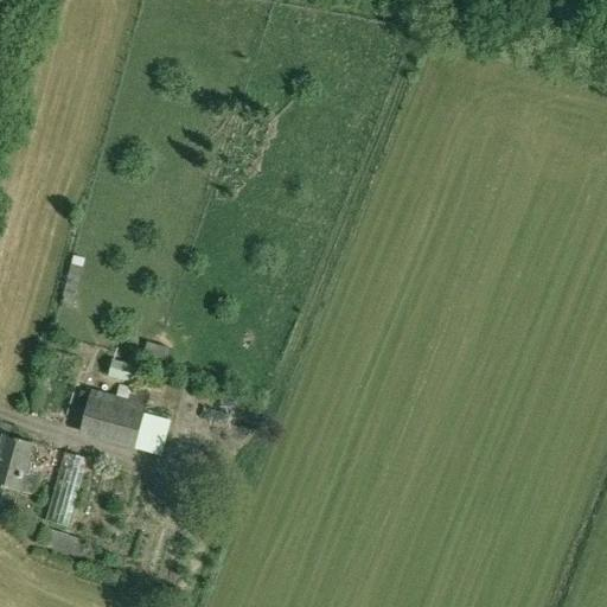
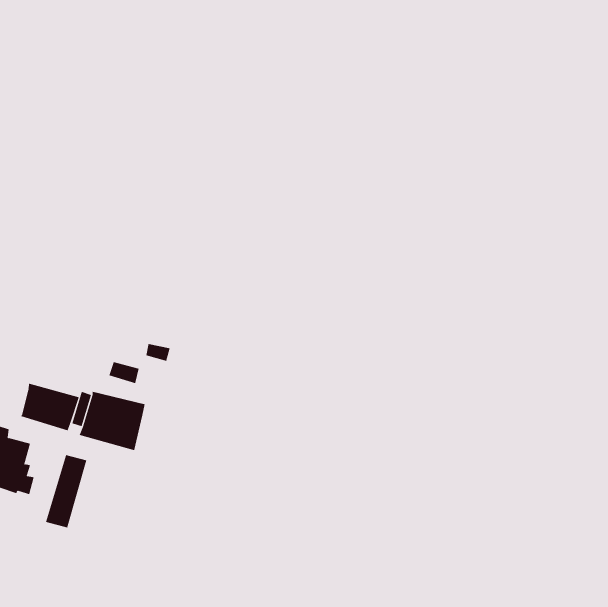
building: none -> [20,383,79,431]
building: [134,413,168,454] -> none

